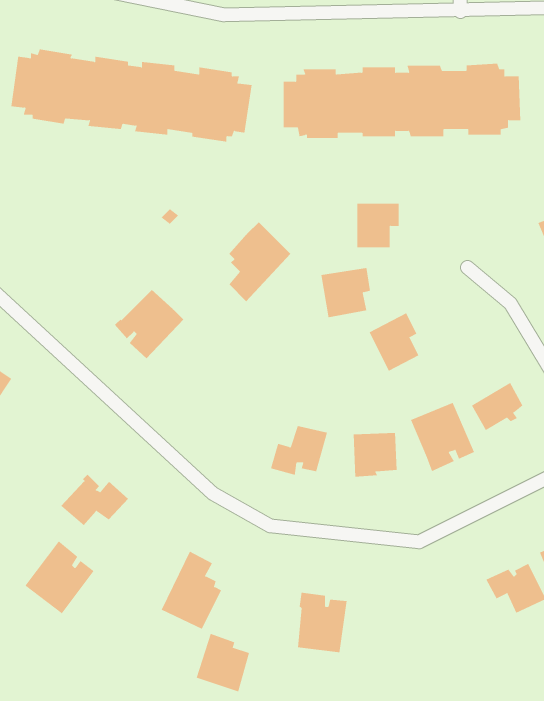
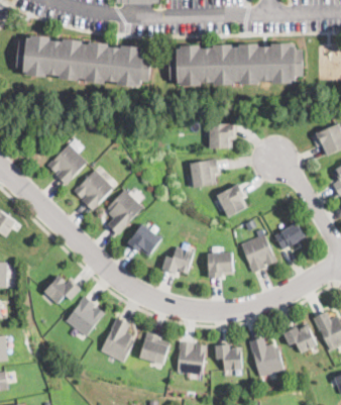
building: [228,221,291,302] -> [107,189,142,234]
building: none -> [48,143,87,184]
building: none -> [128,222,162,255]
building: [24,541,94,614] -> [65,295,104,336]
building: none -> [248,337,282,376]
building: none -> [214,344,242,372]
building: [196,633,250,692] -> [138,329,168,363]

